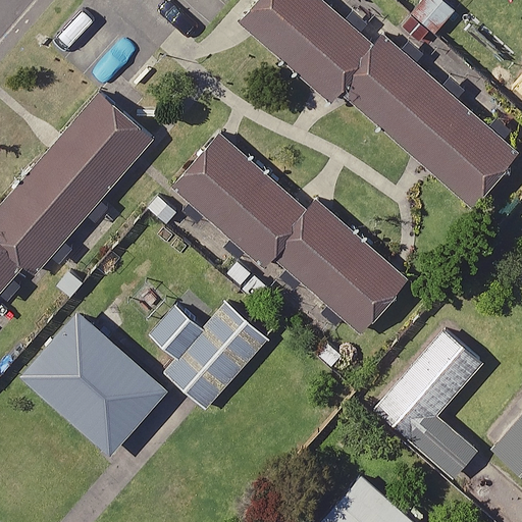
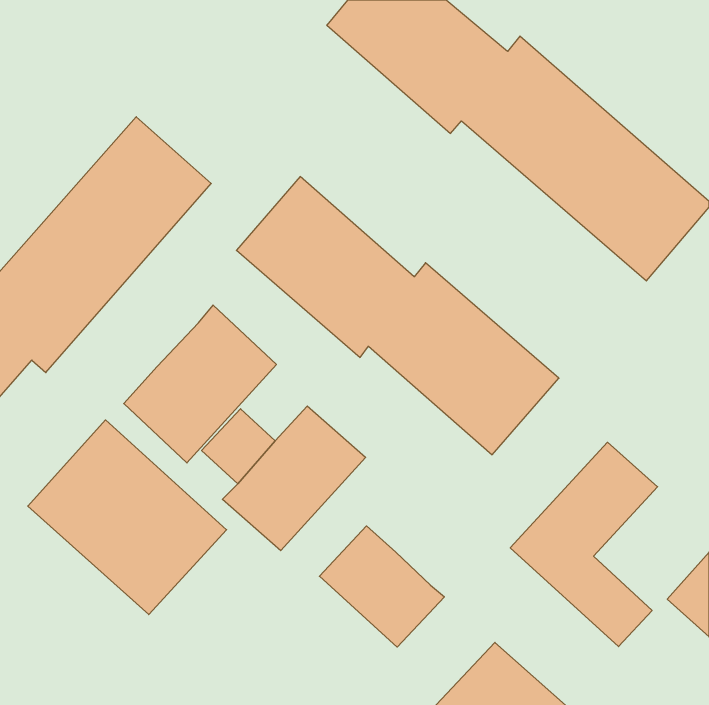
building: none -> [124,305,276,463]
building: none -> [319,526,444,647]

